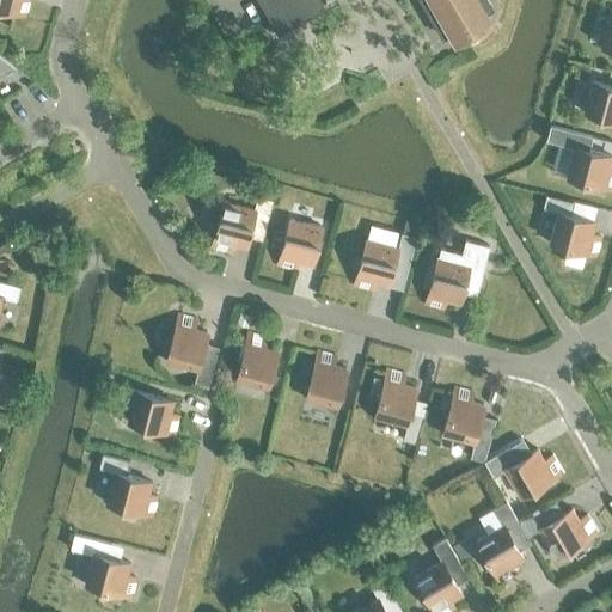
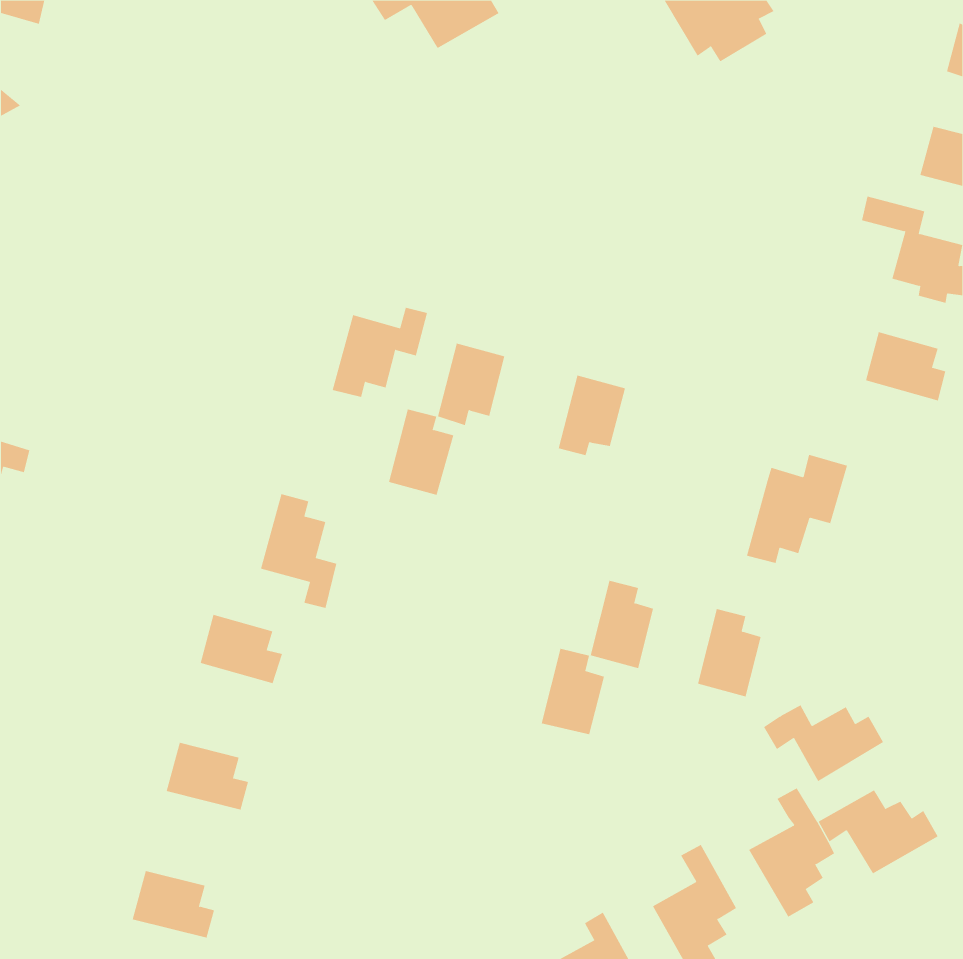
building: [424,241,489,311] -> [746,454,848,563]
building: [235,335,277,390] -> [388,409,454,496]
building: [305,353,345,408] -> [541,648,605,735]

